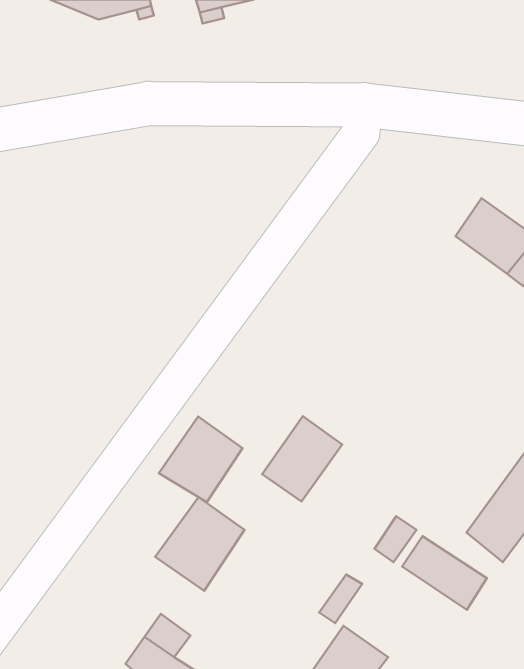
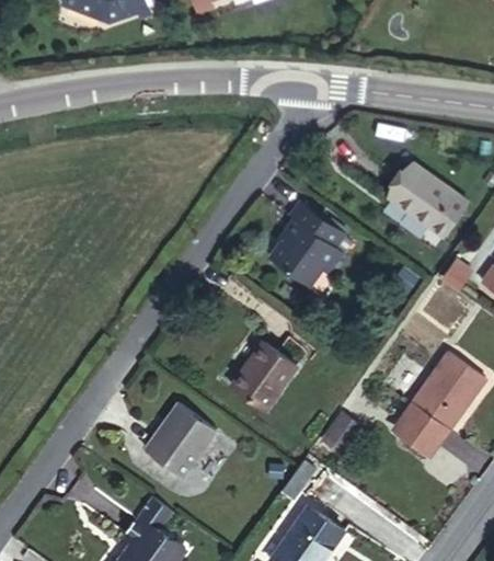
building: none -> [272,198,351,284]
building: [159,416,242,502] -> none
building: [402,536,487,610] -> none

